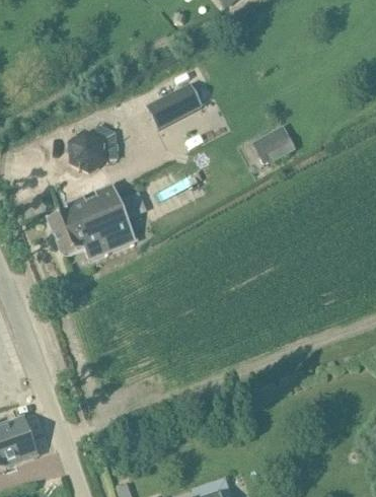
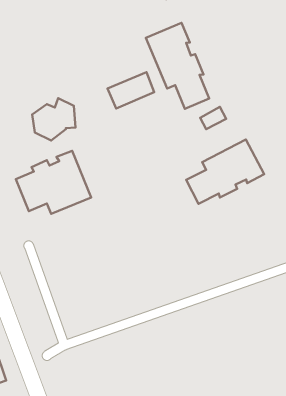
building: none -> [146,23,209,109]
building: none -> [186,140,264,204]

